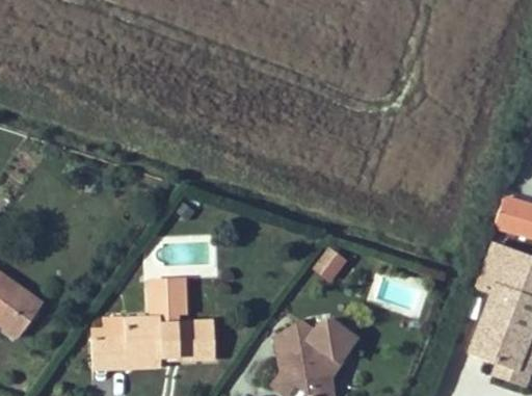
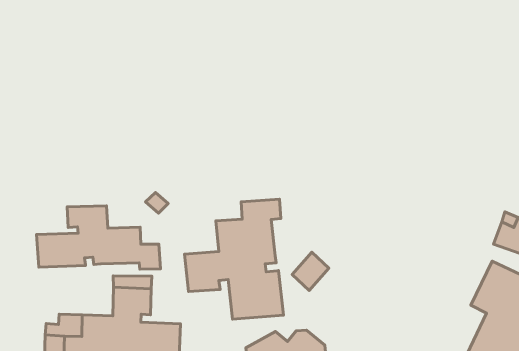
building: none -> [184,199,283,319]
building: none -> [36,206,160,269]

